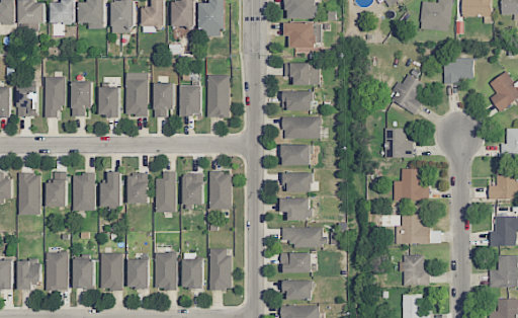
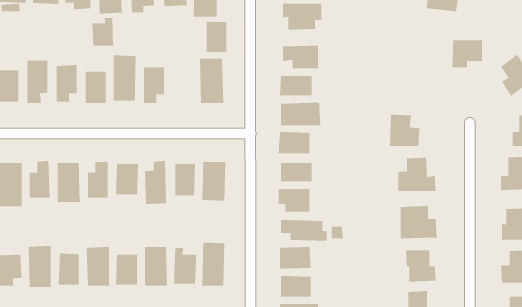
building: none -> [92,17,114,46]
building: [391,73,425,114] -> none
building: [181,86,201,115] -> [206,21,227,53]

